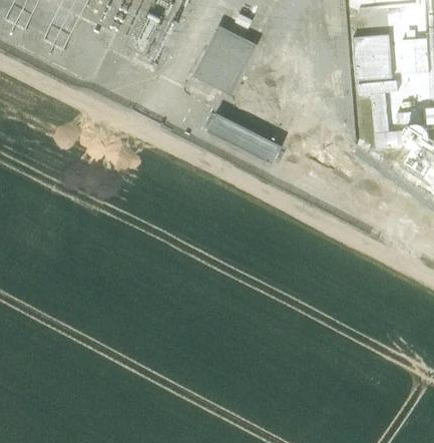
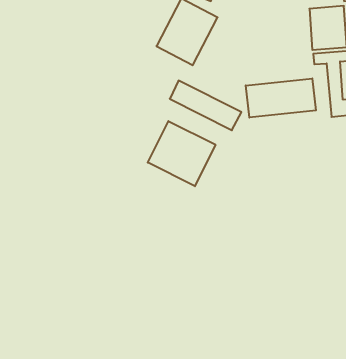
building: none -> [246,78,316,118]
building: none -> [148,121,215,186]

